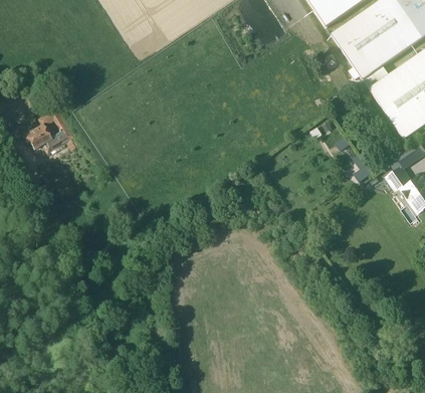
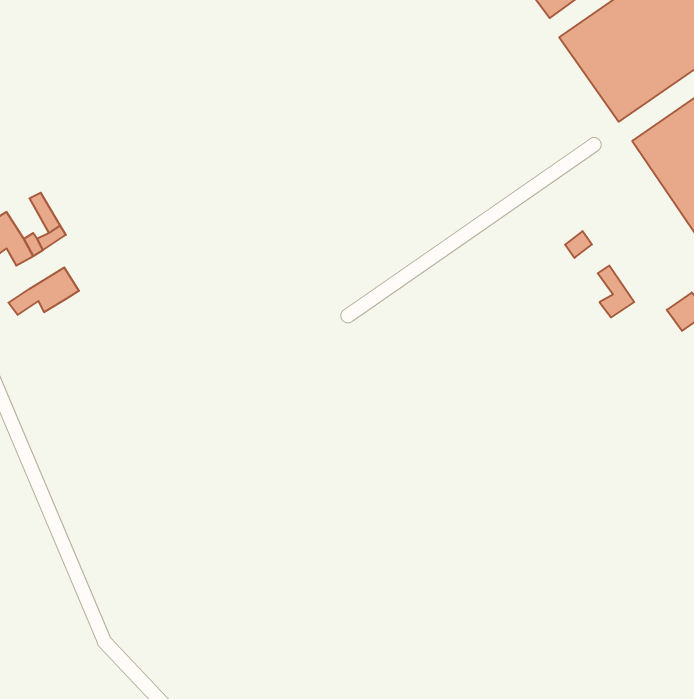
building: none -> [8,267,79,315]

